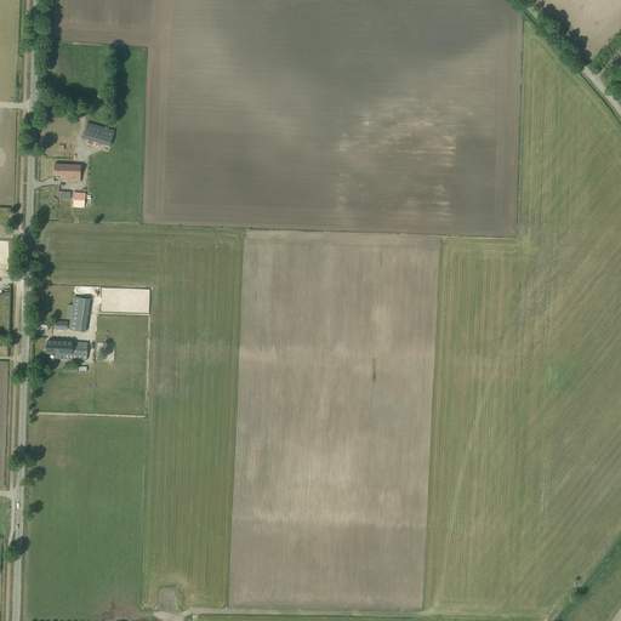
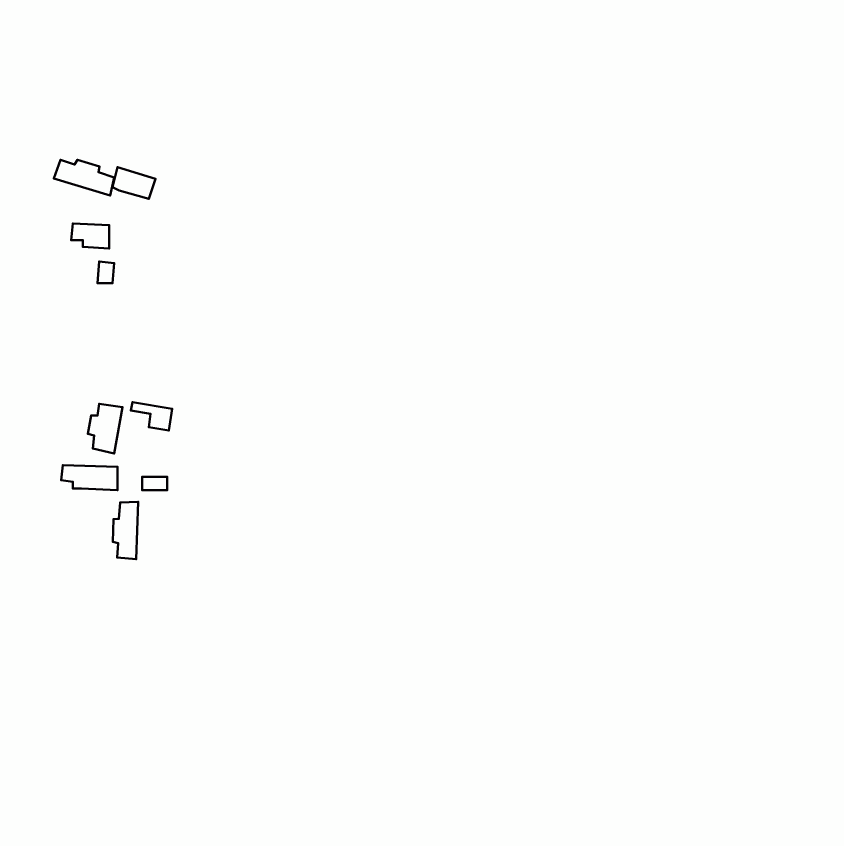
building: none -> [54,160,114,196]
building: none -> [113,502,138,559]

